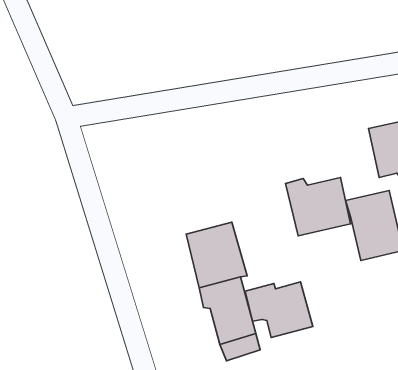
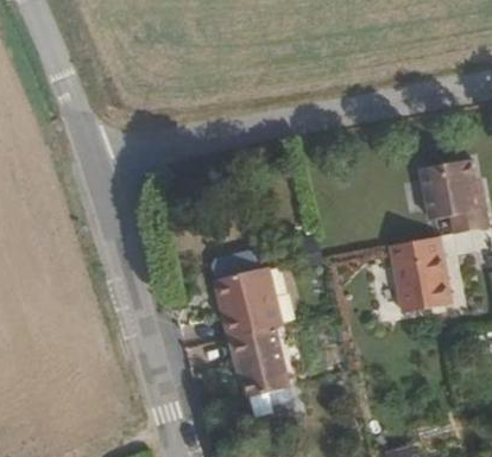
building: [286,177,350,236] -> none
building: [245,282,313,338] -> none

